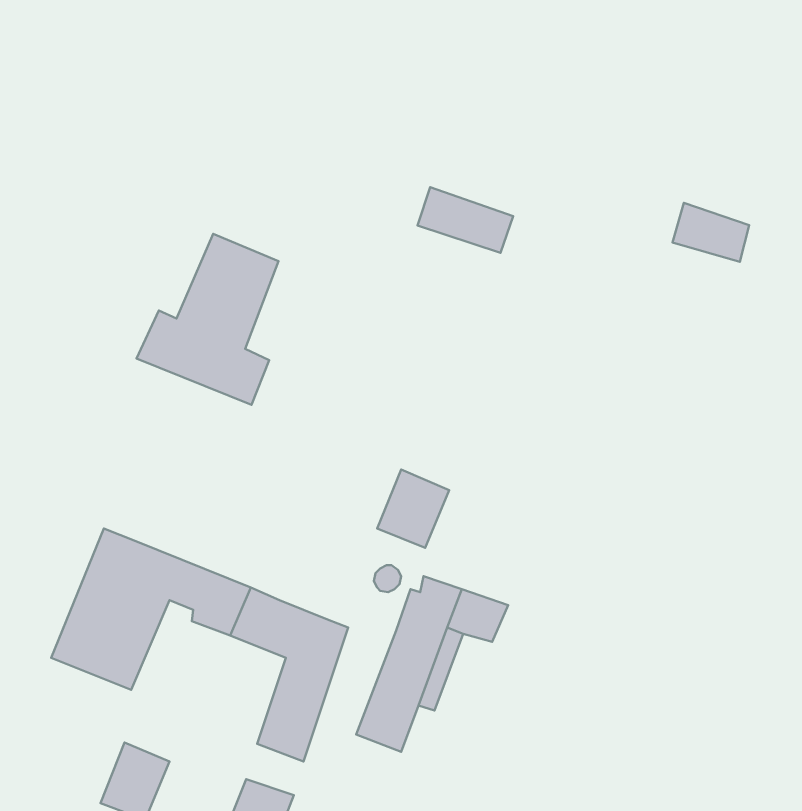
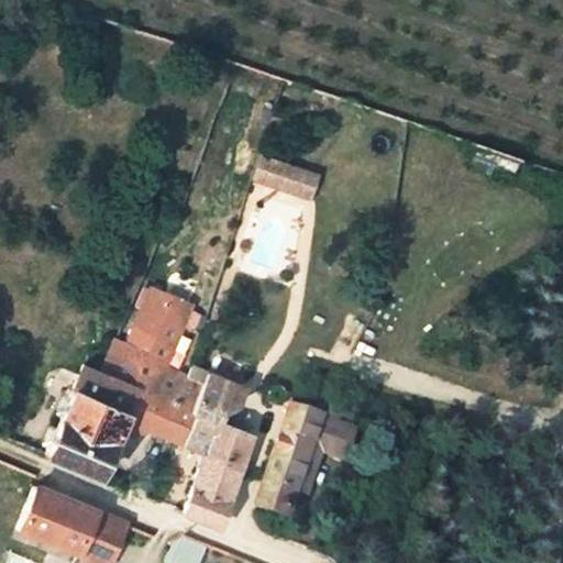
building: [417,187,513,253] -> [260,156,325,201]
building: [136,234,279,405] -> [103,290,201,408]
building: [377,470,449,548] -> [202,376,252,430]
building: none -> [18,488,96,556]

